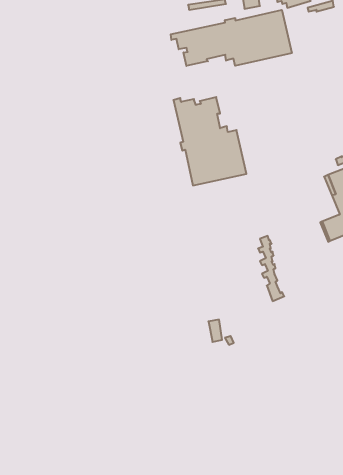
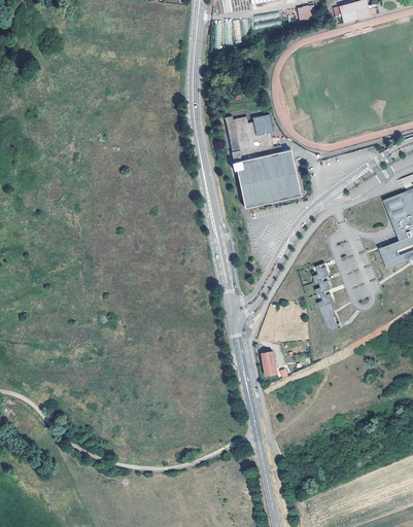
building: [171,10,292,66] -> none

